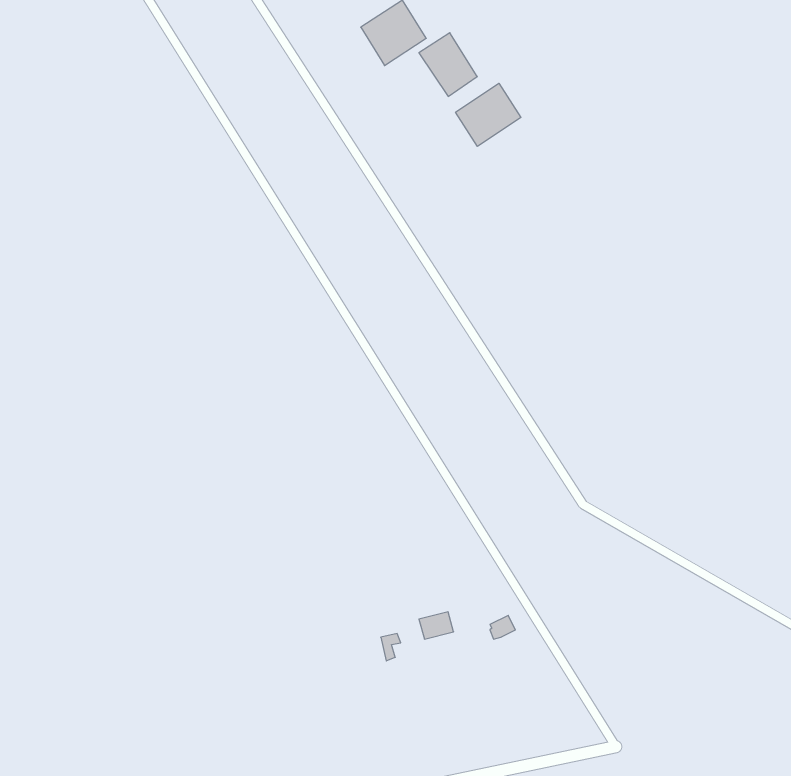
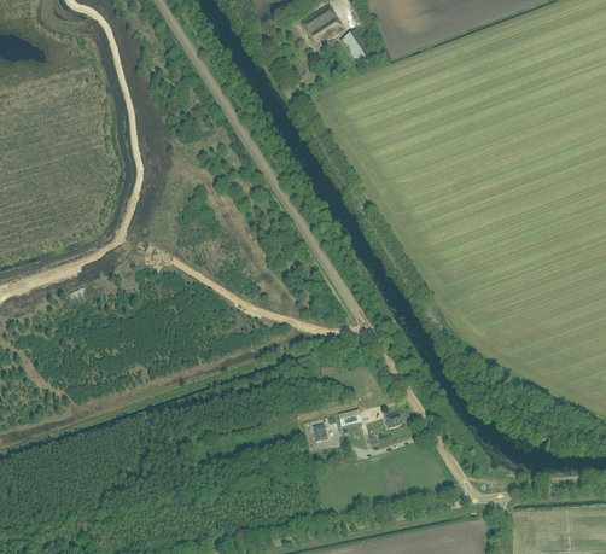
building: [456,83,521,146] -> none

